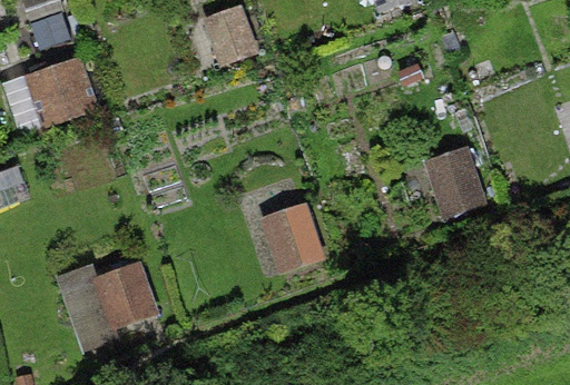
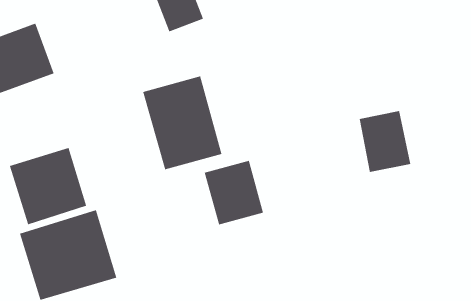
building: none -> [143,75,222,170]
building: none -> [9,147,87,225]

